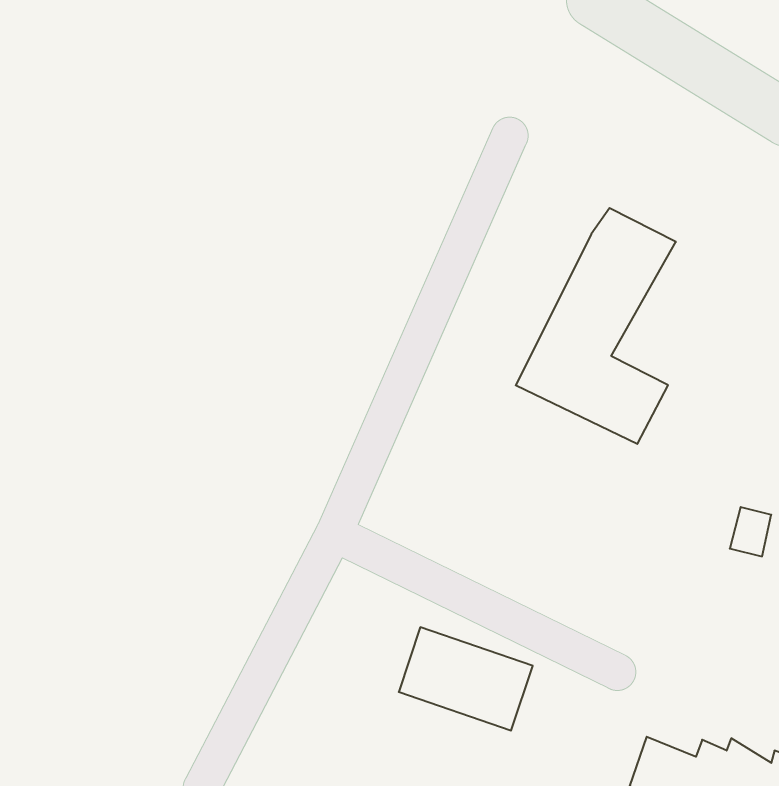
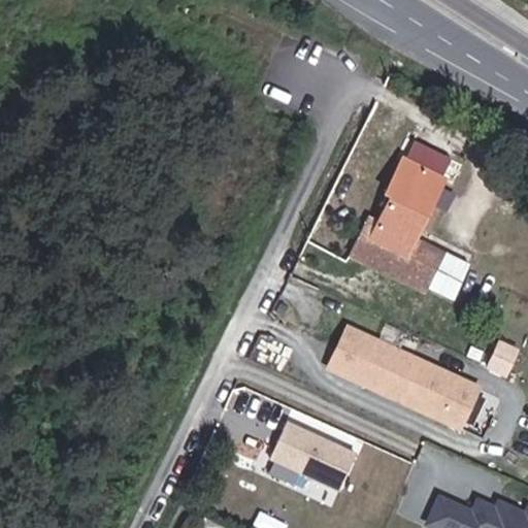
building: none -> [325,327,478,429]

